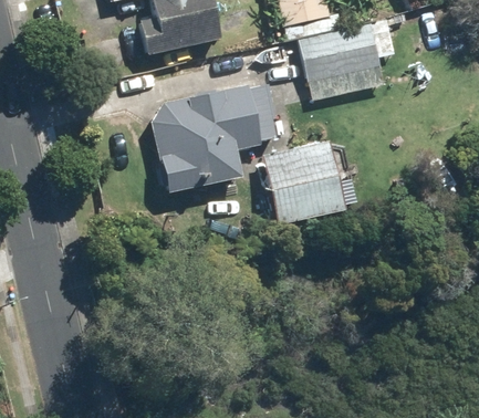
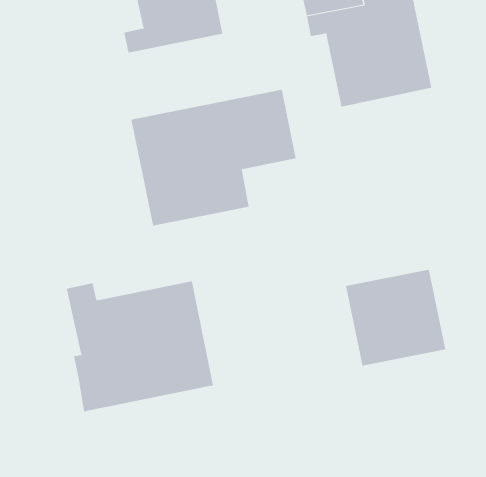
building: [262,142,343,219] -> [345,269,446,366]
building: none -> [66,280,213,412]

